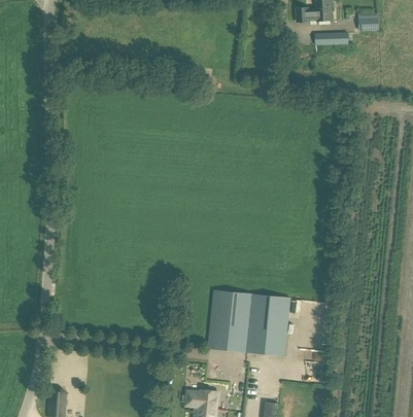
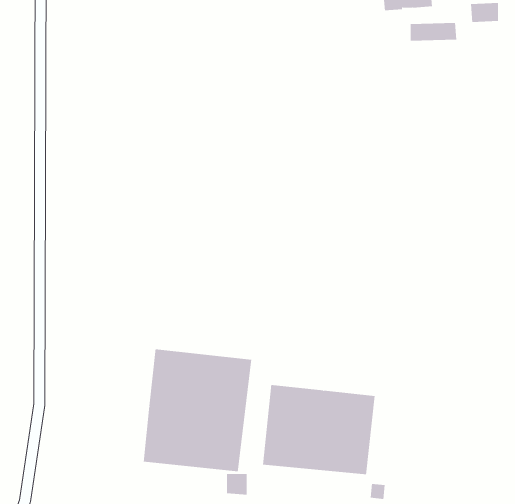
building: none -> [143,349,252,472]

